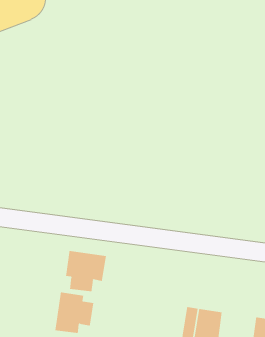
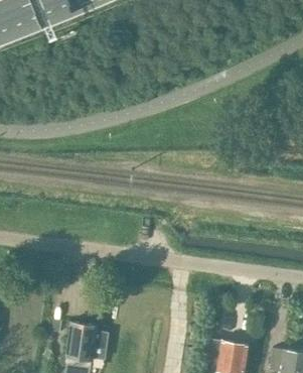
building: [65,250,107,292] -> none

